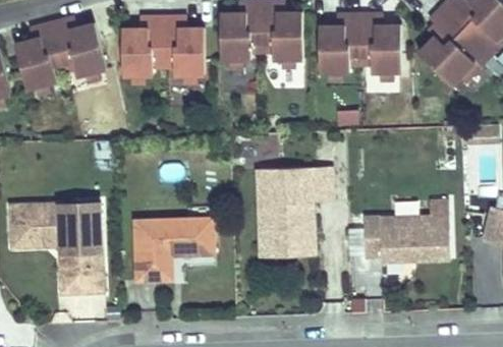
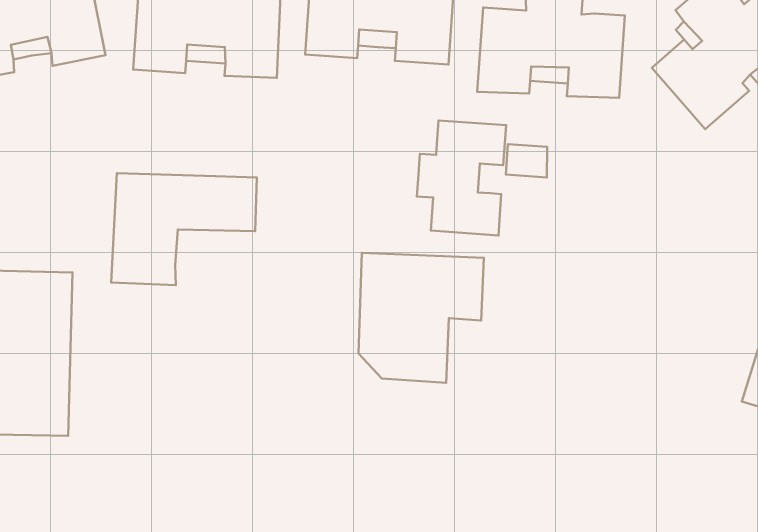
building: none -> [417,120,506,235]
building: [360,208,445,256] -> none
building: [129,217,210,282] -> [111,173,257,285]
building: [263,230,314,257] -> none

